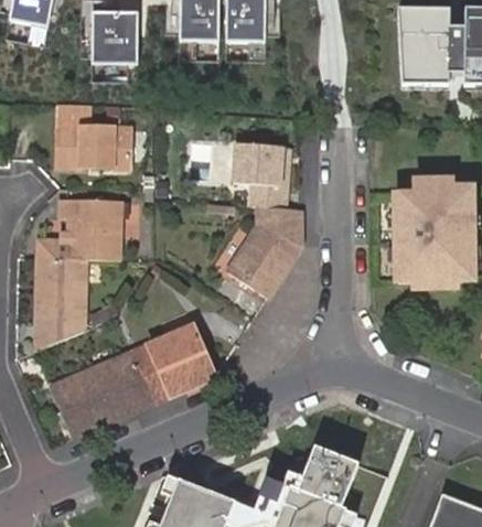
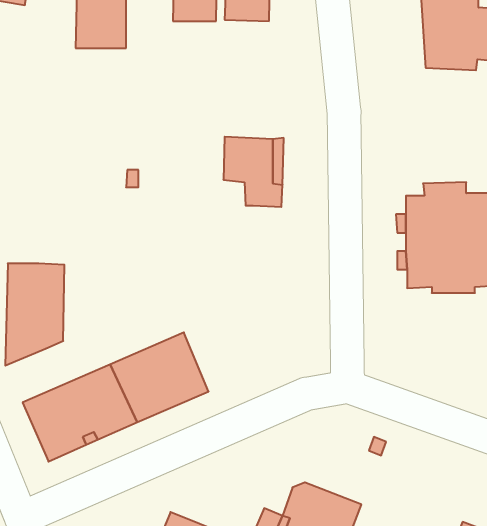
building: [55,125,128,165] -> none
building: [36,201,119,260] -> none
building: [223,207,298,300] -> none

